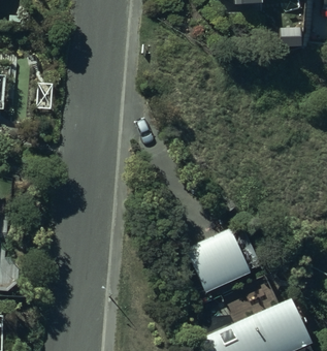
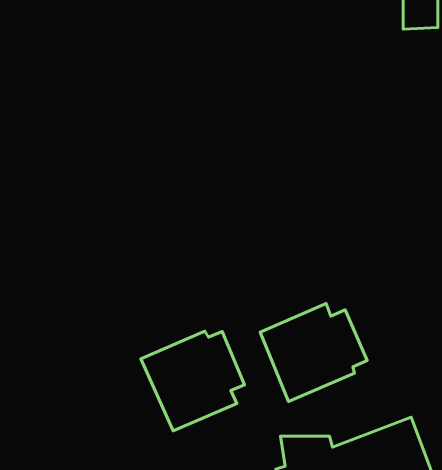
building: none -> [141,331,245,431]

